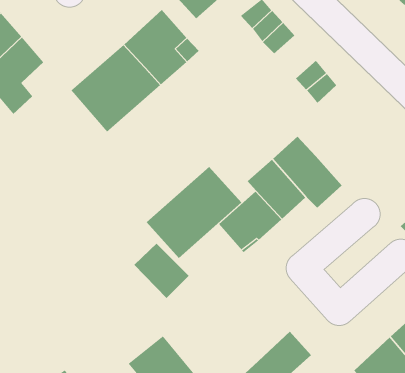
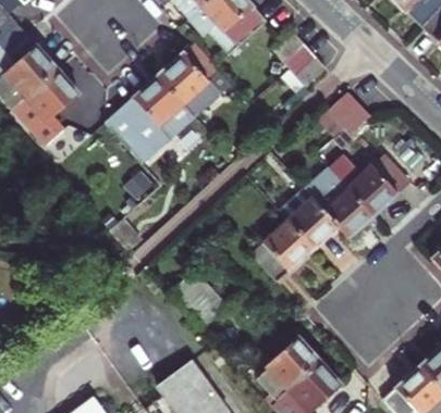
building: none -> [346,152,409,215]
building: [146,166,242,259] -> none
building: none -> [267,335,320,388]

